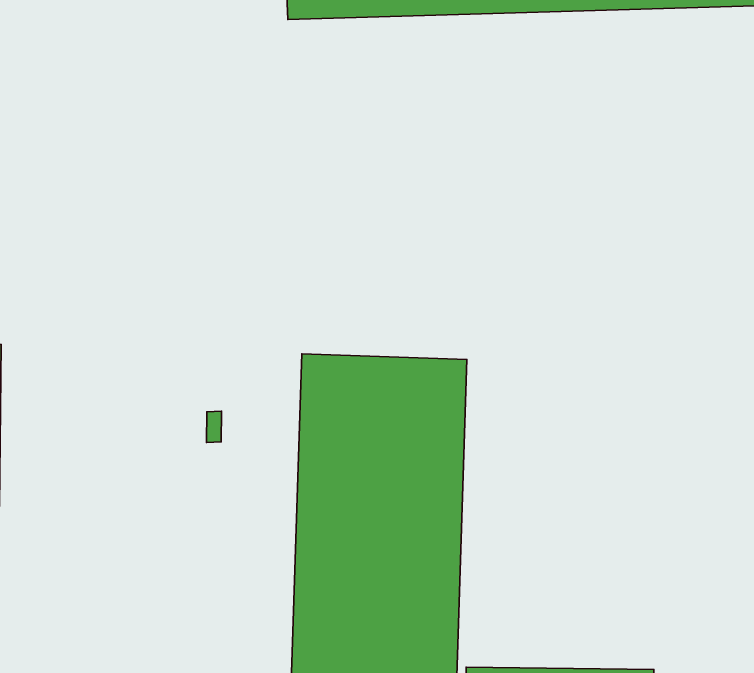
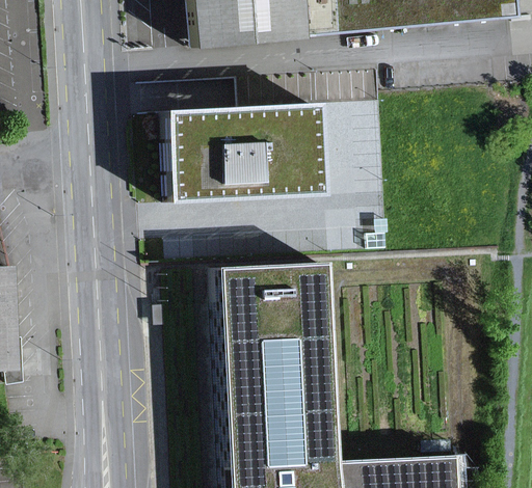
building: none -> [171,102,329,200]

